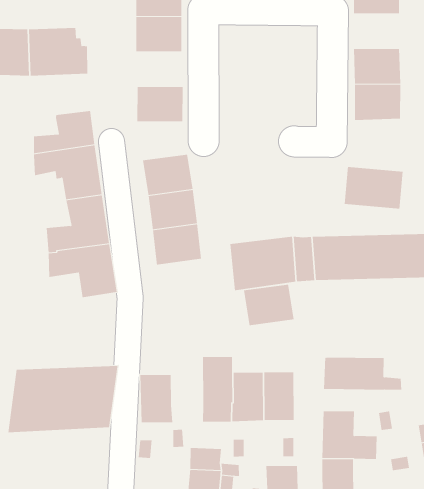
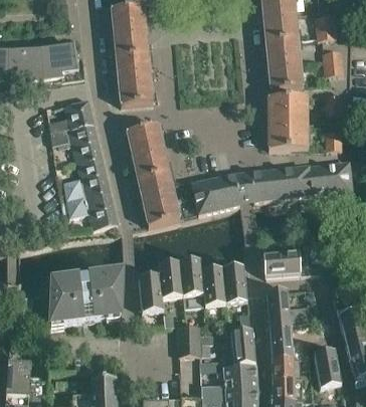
building: none -> [263,13,298,40]
building: none -> [116,52,151,79]
building: none -> [268,94,308,122]
building: [243,284,295,326] -> [143,194,180,225]
building: none -> [158,261,183,296]

